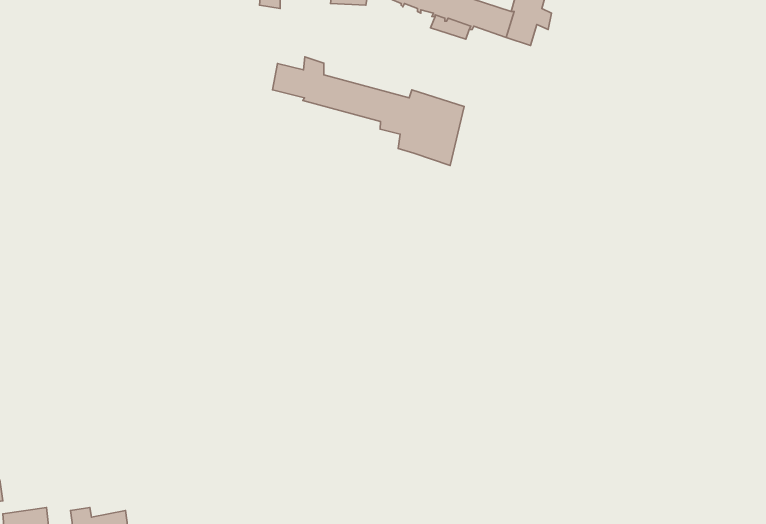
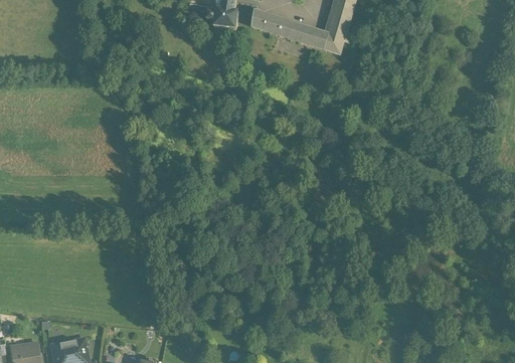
building: [272,57,464,165] -> none

